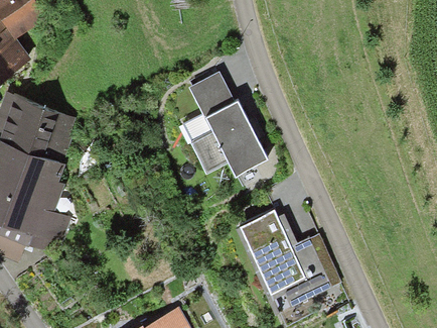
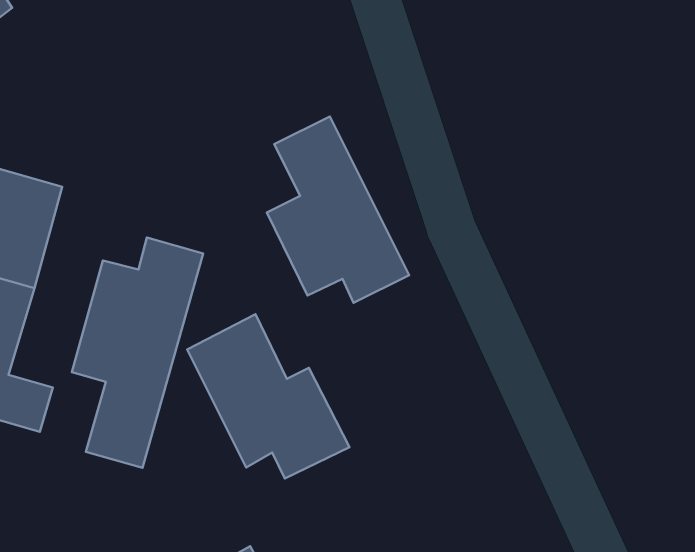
building: none -> [72,237,203,468]
building: [239,212,327,302] -> [187,314,350,478]

